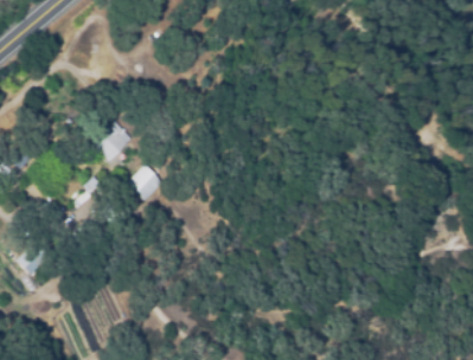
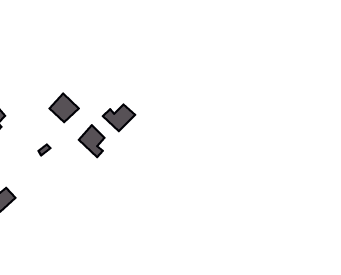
building: none -> [103,104,135,131]

